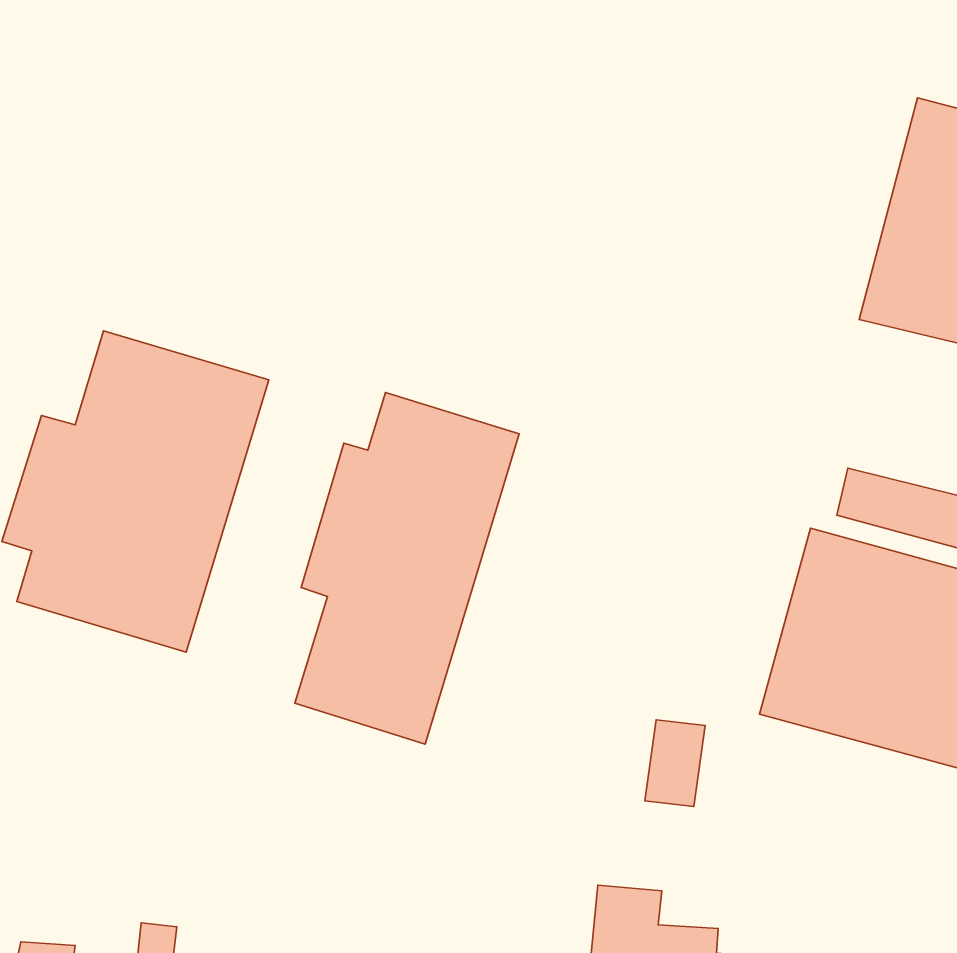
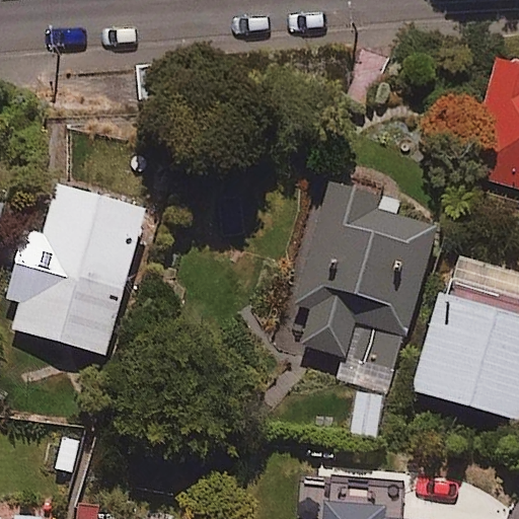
building: none -> [283,180,439,373]
building: [295,393,519,744] -> none

